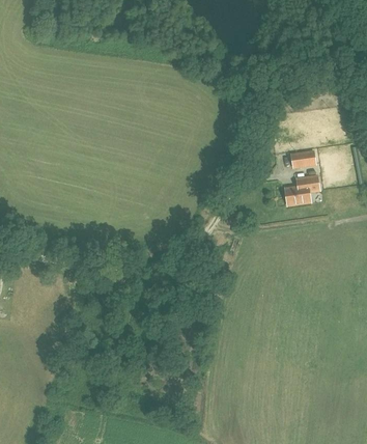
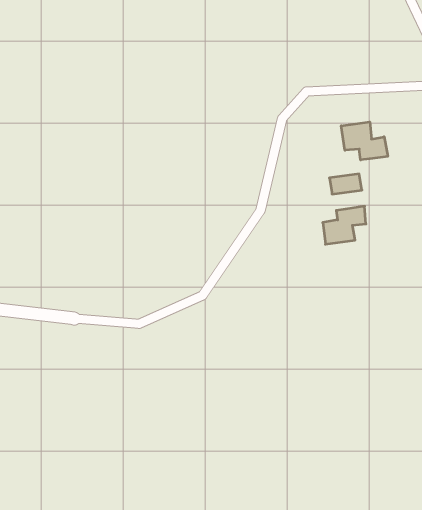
building: none -> [341,122,388,160]

